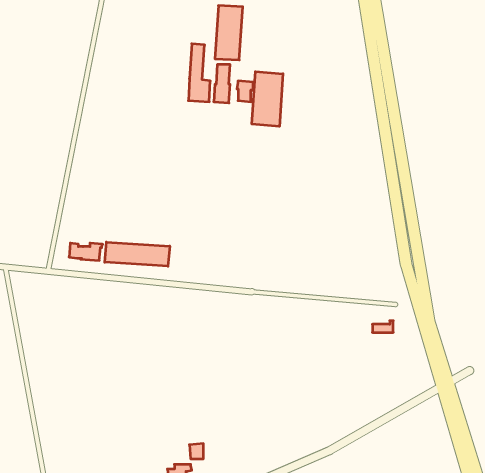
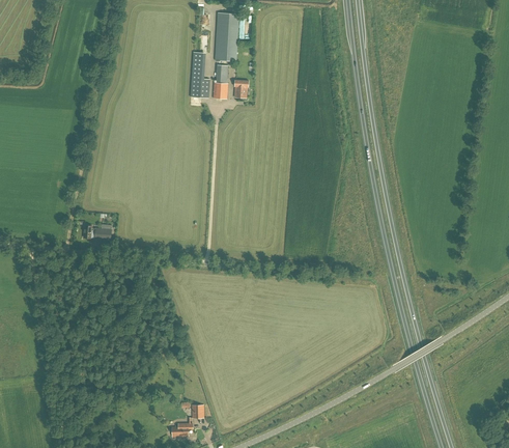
building: [252,72,283,126] -> none
building: [105,242,170,266] -> none

